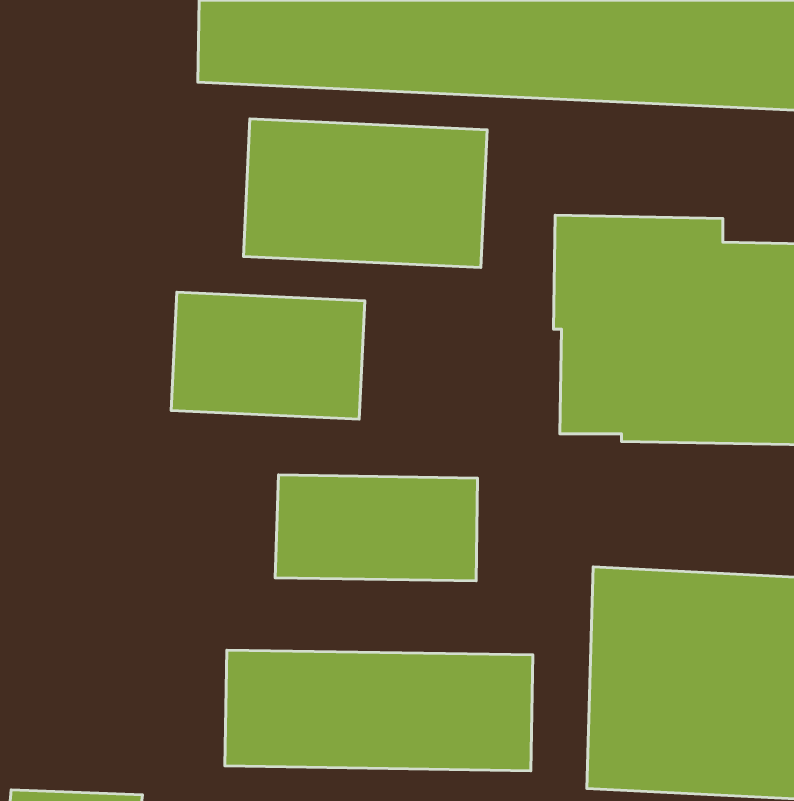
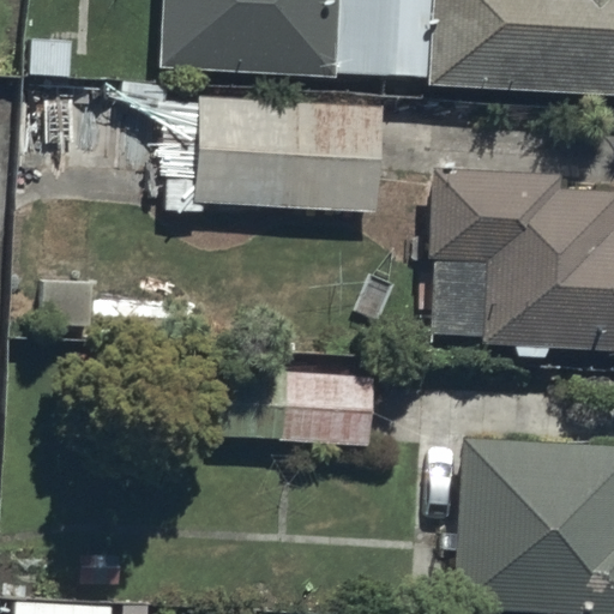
building: [171,292,365,419] -> none
building: [225,650,533,771] -> none

